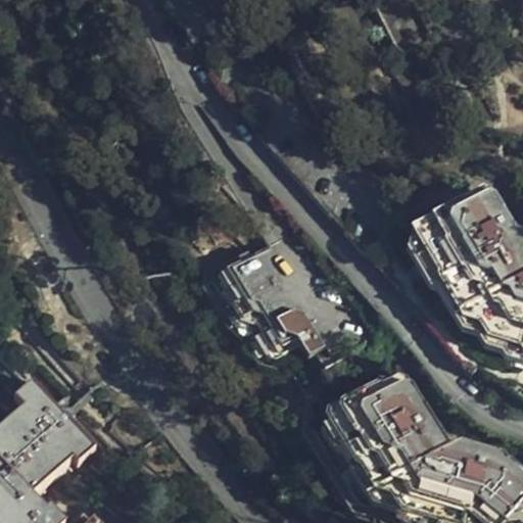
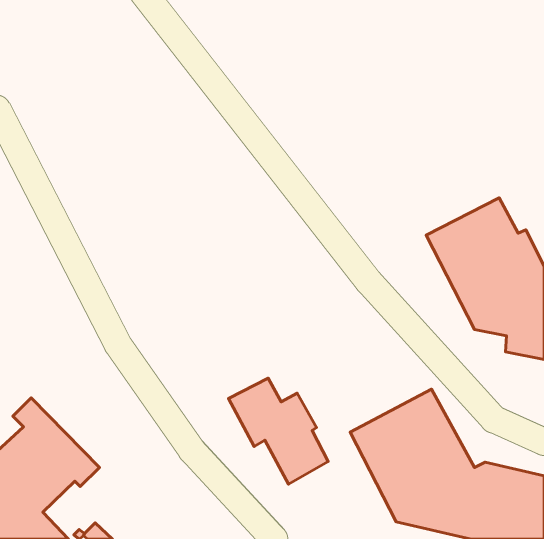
building: [219,248,314,349] -> [229,378,328,484]

